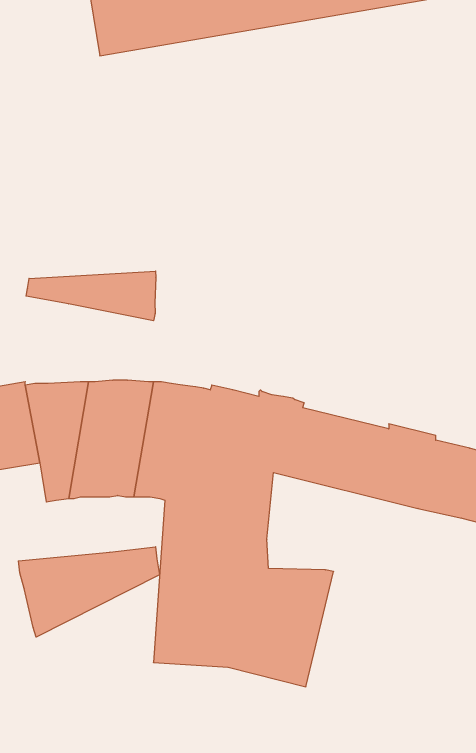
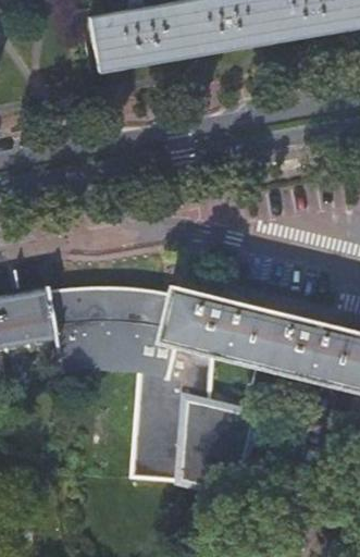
building: [26,271,156,321] -> none
building: [18,547,160,637] -> none

